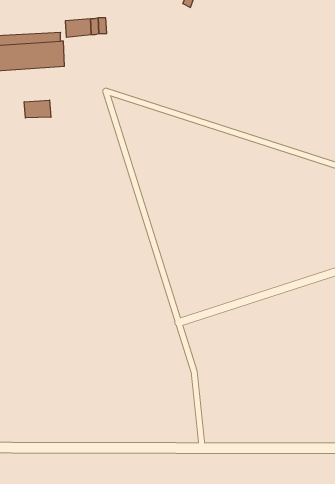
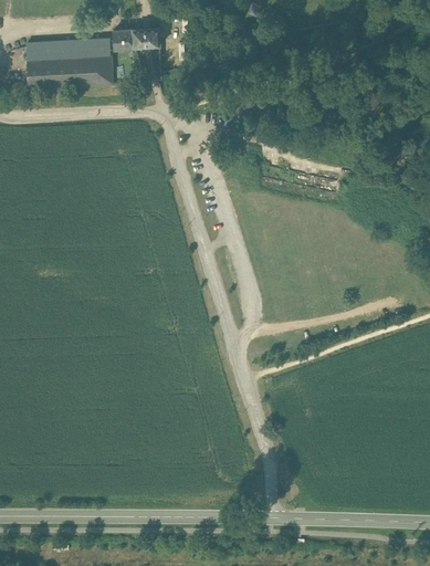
building: [24,100,51,118] -> none

